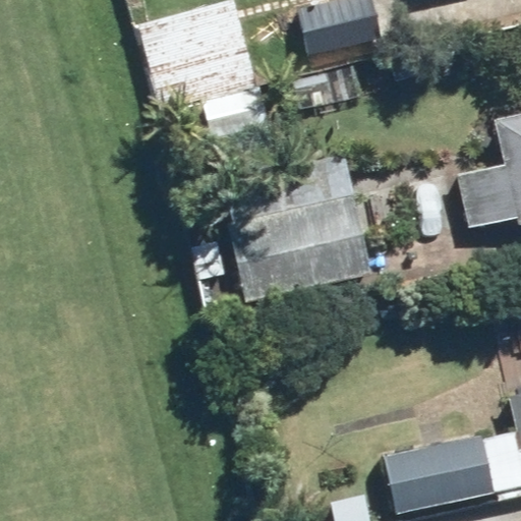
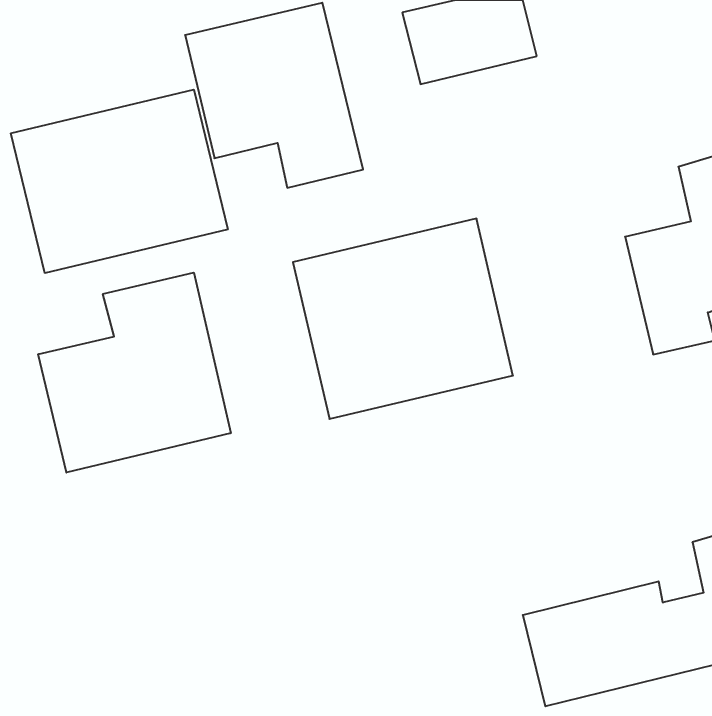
building: none -> [11,90,228,273]
building: none -> [38,273,231,473]

